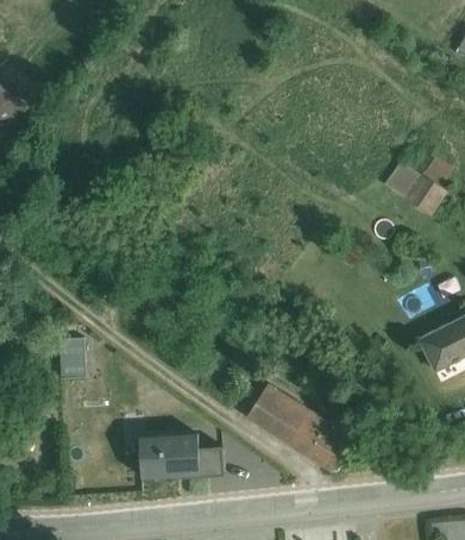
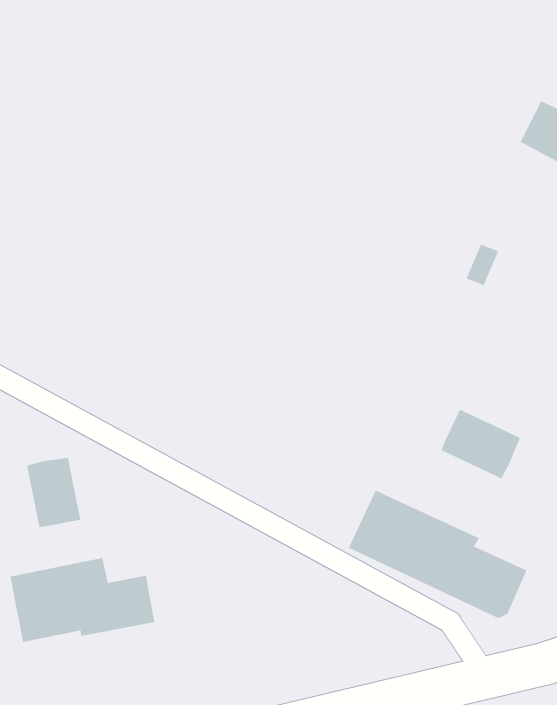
building: none -> [440,408,521,479]
building: [139,432,224,478] -> [9,557,155,643]

